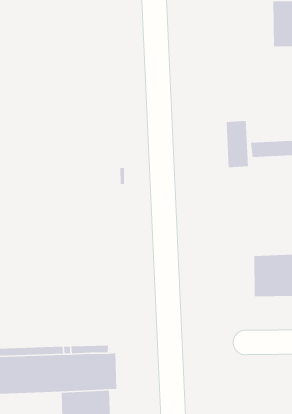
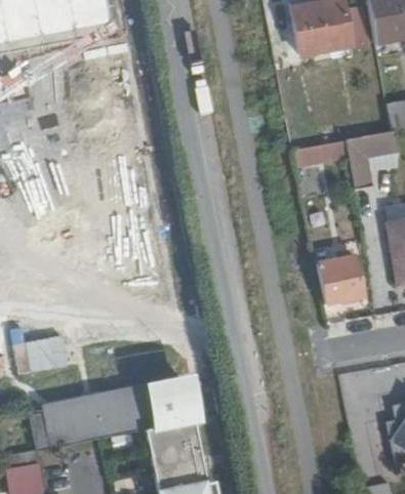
building: [226,120,249,168] -> none

